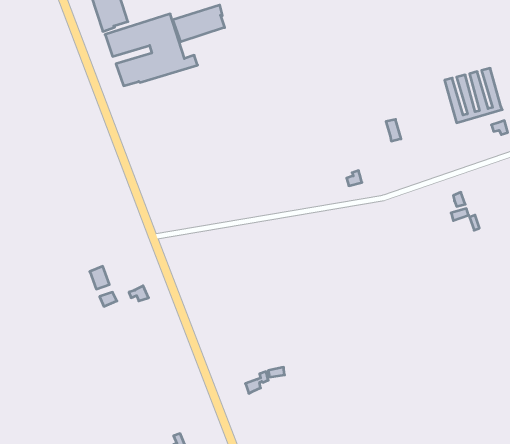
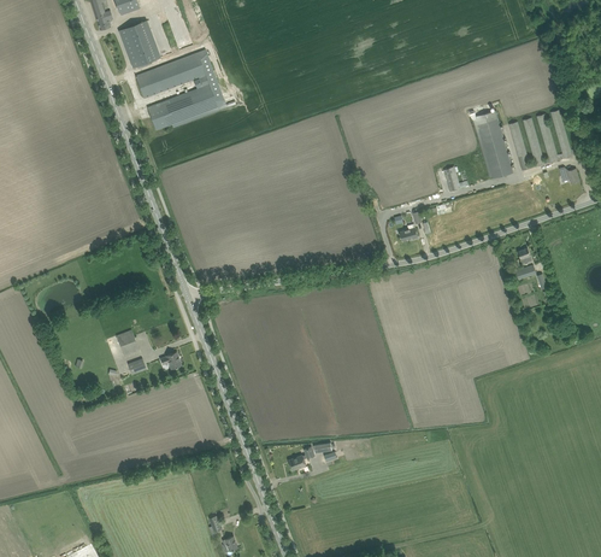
building: [173,5,225,42] -> none
building: none -> [470,110,513,178]

